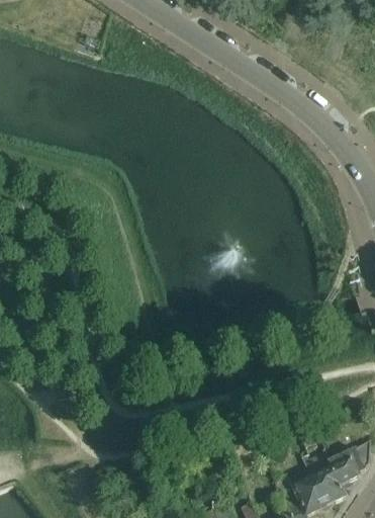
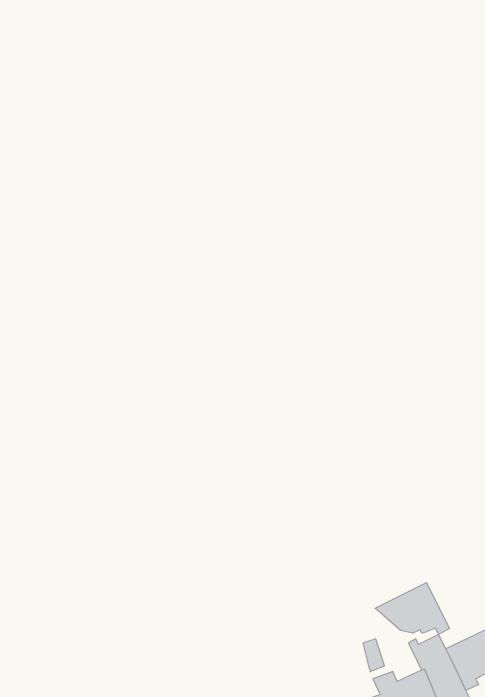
building: none -> [375,583,449,634]

